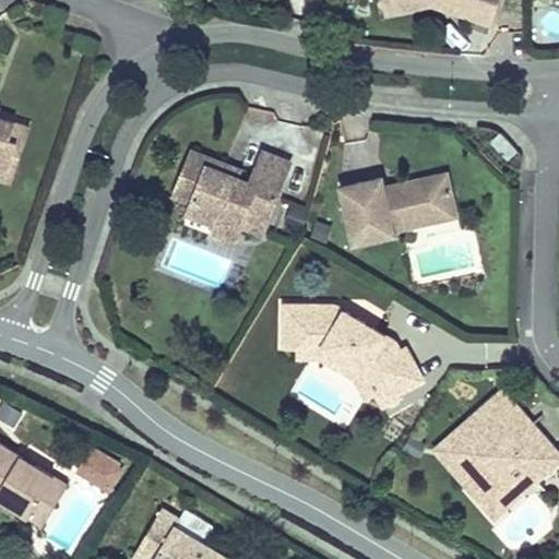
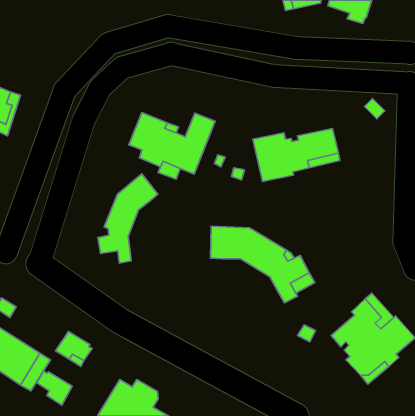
building: none -> [98,174,158,263]
building: [297,347,373,399] -> none
building: none -> [37,371,72,405]

